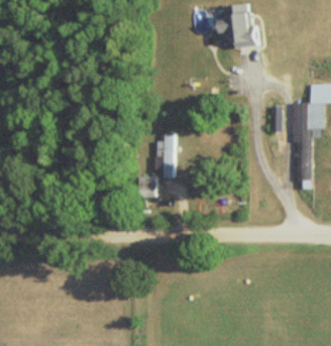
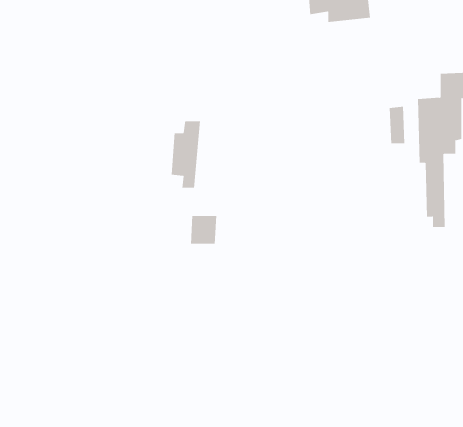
building: [157,132,178,178] -> [171,121,201,188]

